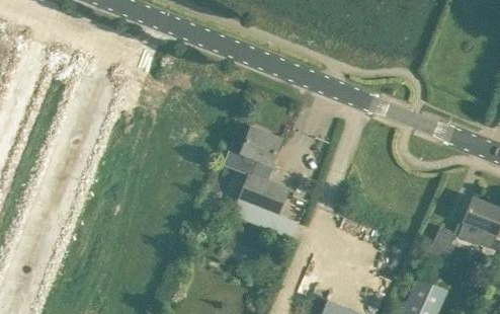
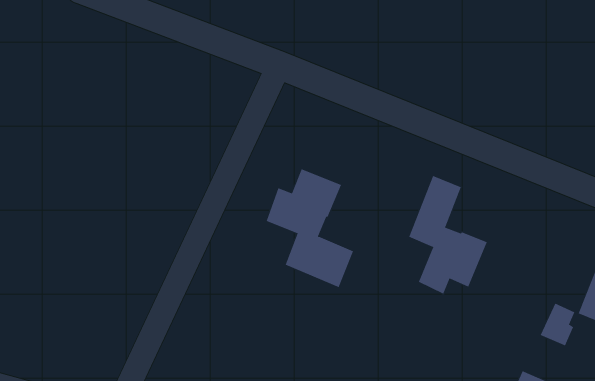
building: none -> [409,175,487,294]

